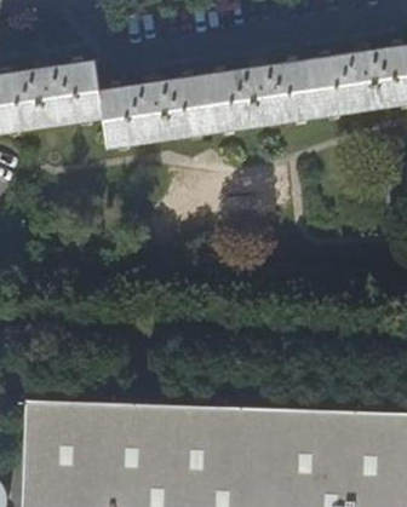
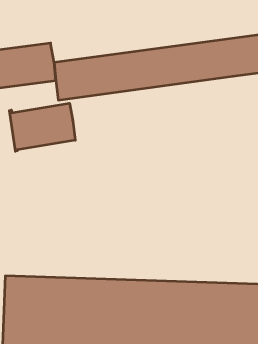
building: none -> [9,103,75,151]

